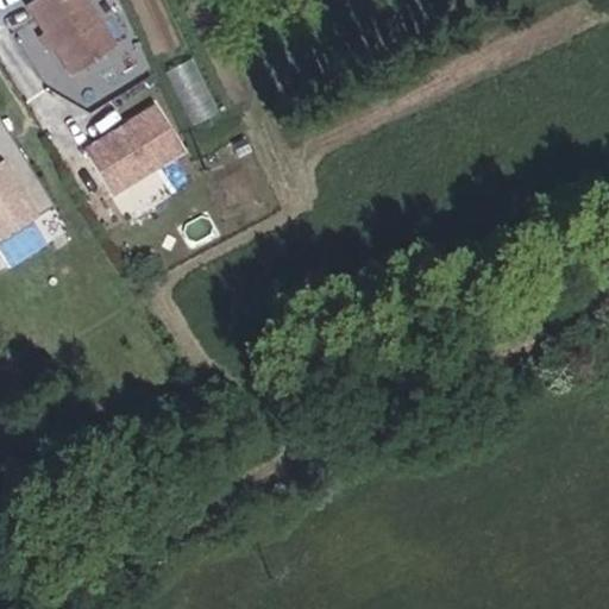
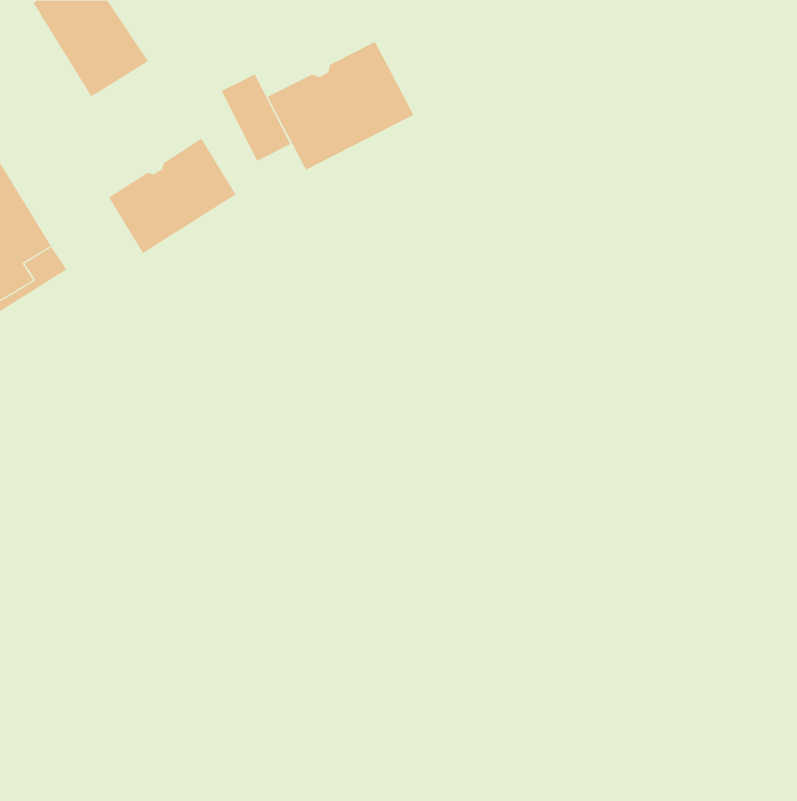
building: none -> [267,41,414,171]

